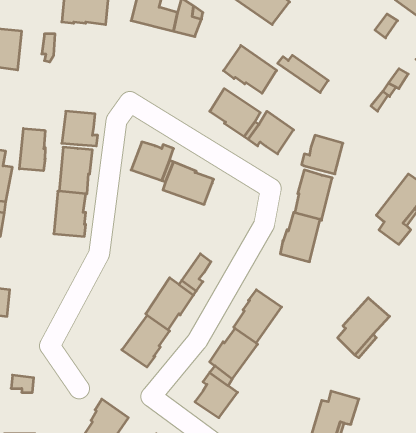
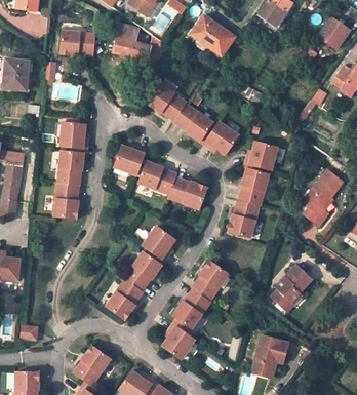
building: [223,45,277,93] -> [145,84,186,121]
building: [19,128,45,171] -> none
building: none -> [168,177,207,209]

